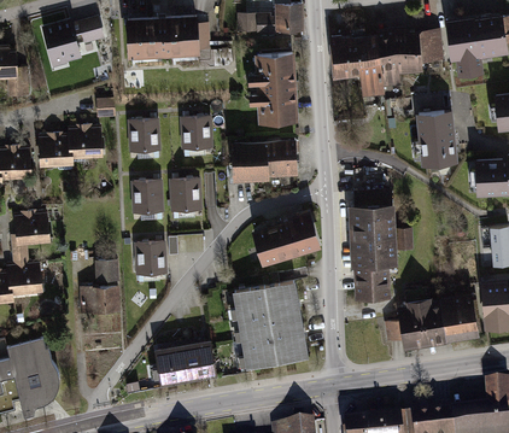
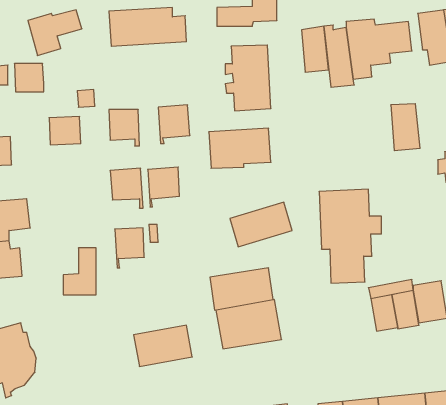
building: [39,135,69,164] -> [14,64,44,92]

